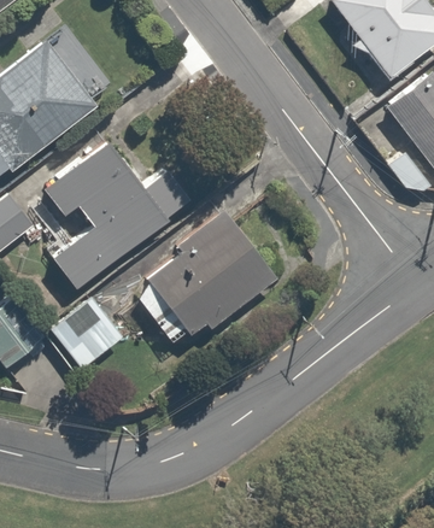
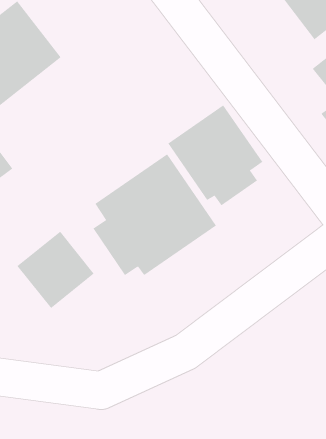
building: [48,139,172,289] -> none
building: none -> [167,104,263,206]

